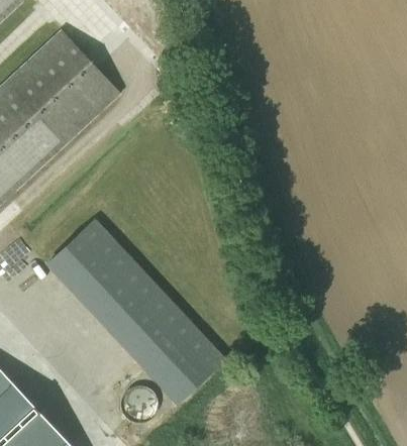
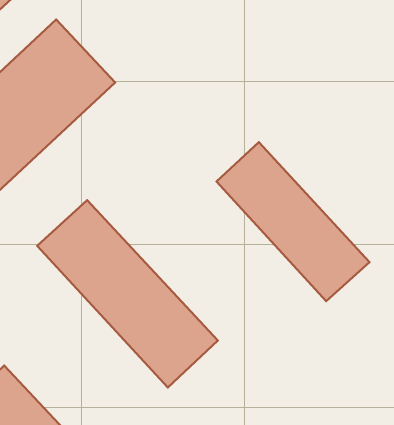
building: none -> [216,142,370,301]

